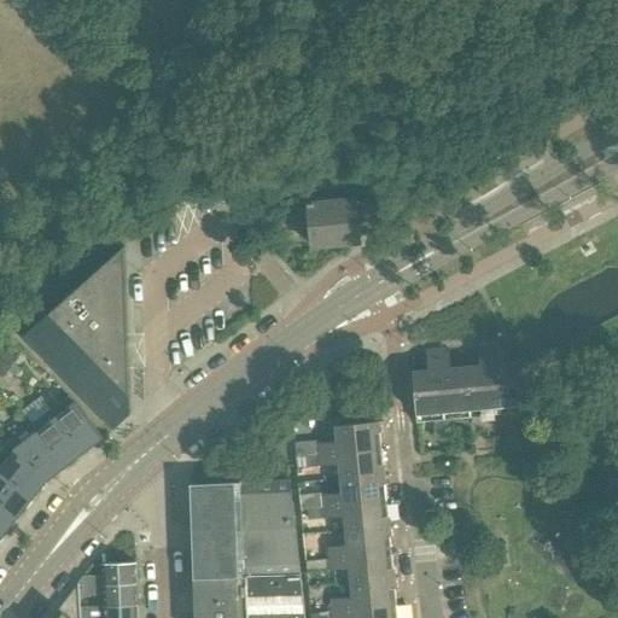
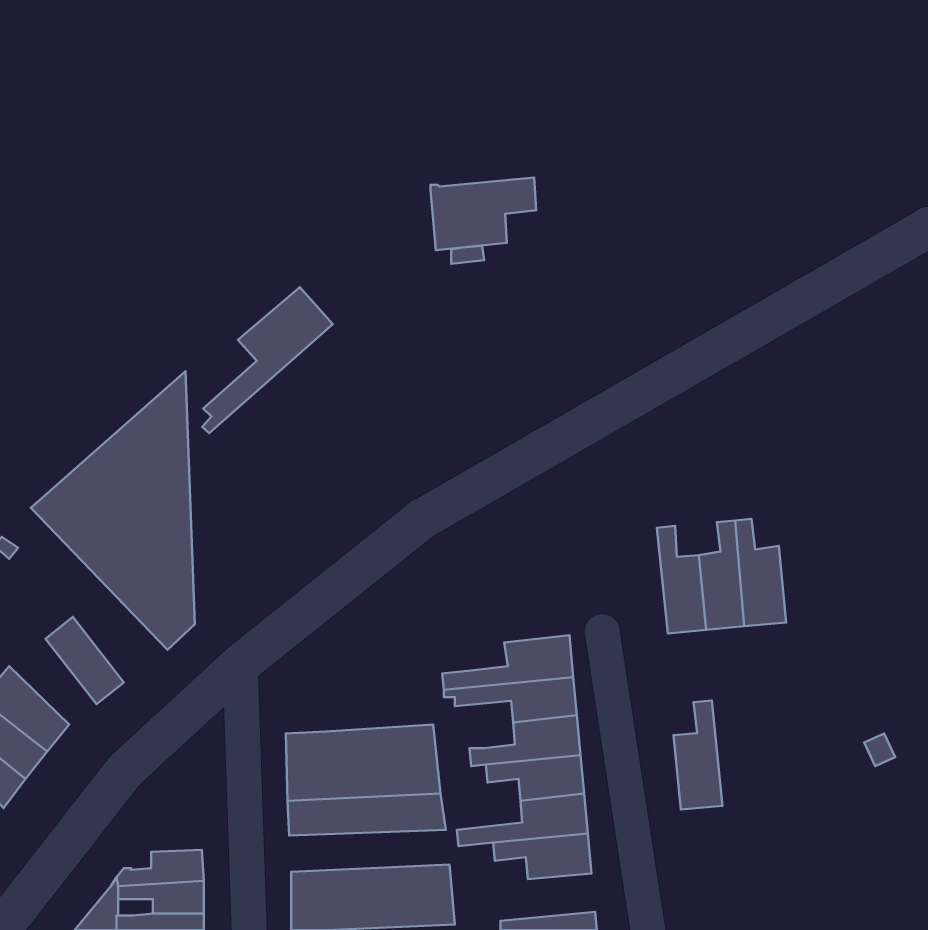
building: none -> [202,287,333,433]
building: [307,198,377,246] -> [430,177,536,250]
building: [410,350,443,422] -> [673,700,723,810]
building: [48,395,101,453] -> none
building: [6,424,64,480] -> none
building: [192,550,298,578] -> none
building: [331,579,395,611] -> none

